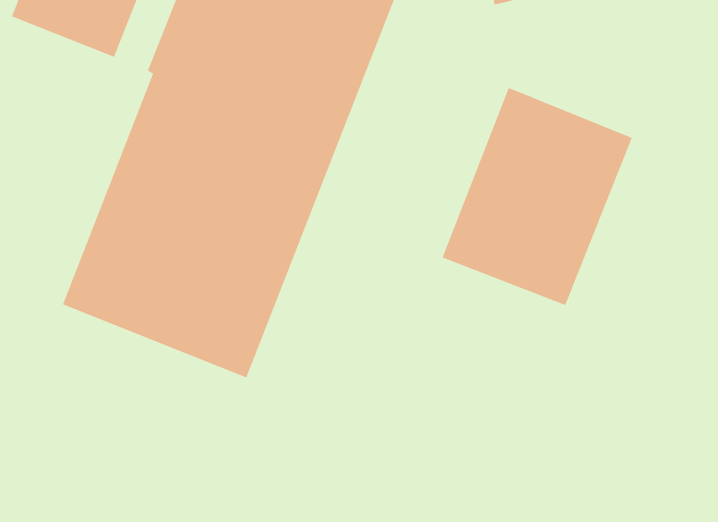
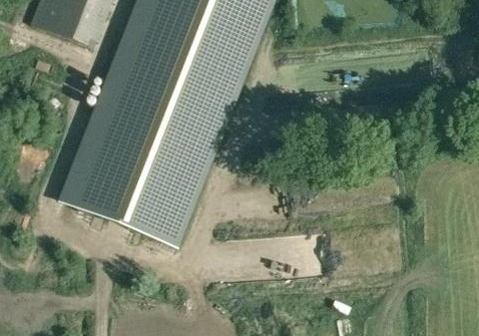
building: [442,87,632,306] -> none

